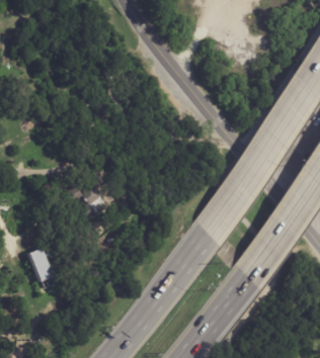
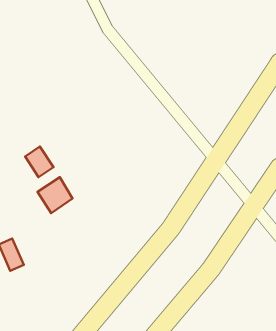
building: none -> [25,147,53,177]

